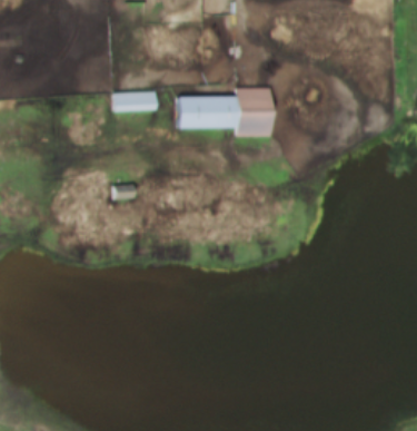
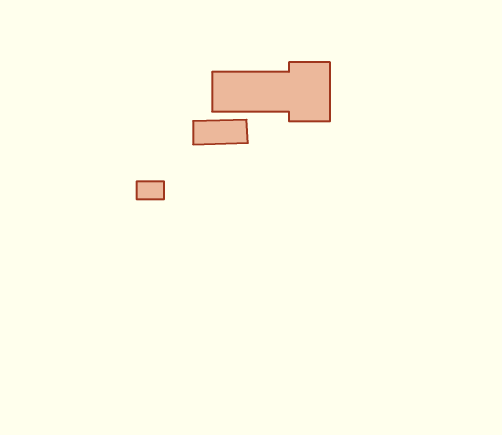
building: [113,91,158,111] -> [193,120,248,144]

